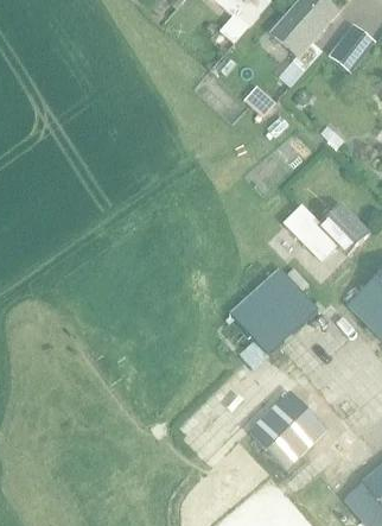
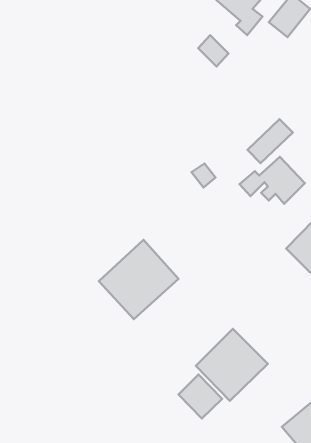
building: none -> [248,119,293,163]
building: [230,267,317,354] -> [99,240,178,319]
building: none -> [178,375,222,419]

